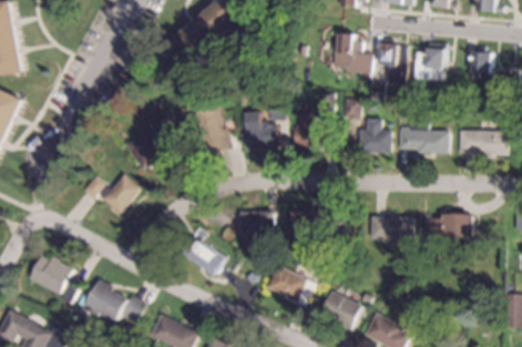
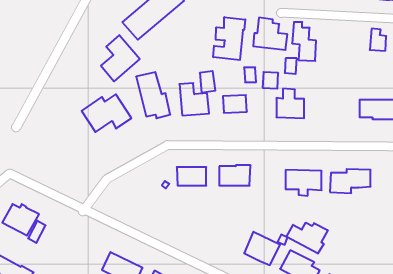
building: none -> [213,17,245,60]
building: [413,42,446,79] -> none
building: none -> [101,35,140,81]
building: [399,121,449,153] -> none
building: [83,173,141,213] -> none
building: [181,237,225,276] -> none
building: [266,265,316,306] -> none
building: none -> [287,223,328,254]
building: [76,278,145,323] -> none

